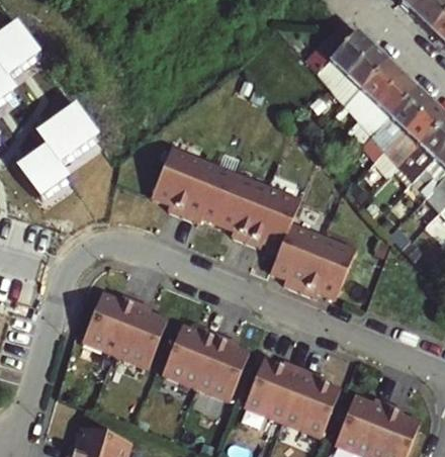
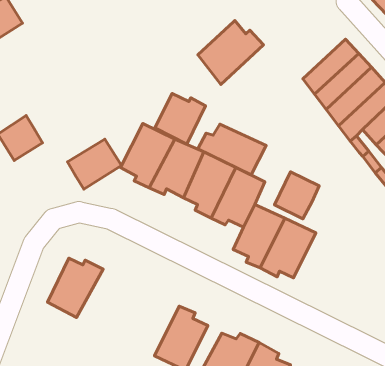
building: [306,22,374,90] -> [198,21,263,85]
building: [37,108,94,162] -> [67,139,121,189]
building: none -> [155,94,205,144]
building: none -> [198,124,266,175]
building: none -> [274,172,319,219]
building: [113,302,168,371] -> none
building: [162,329,219,389] -> none

